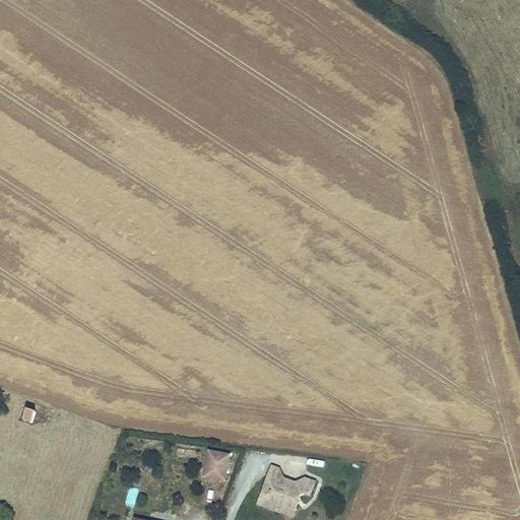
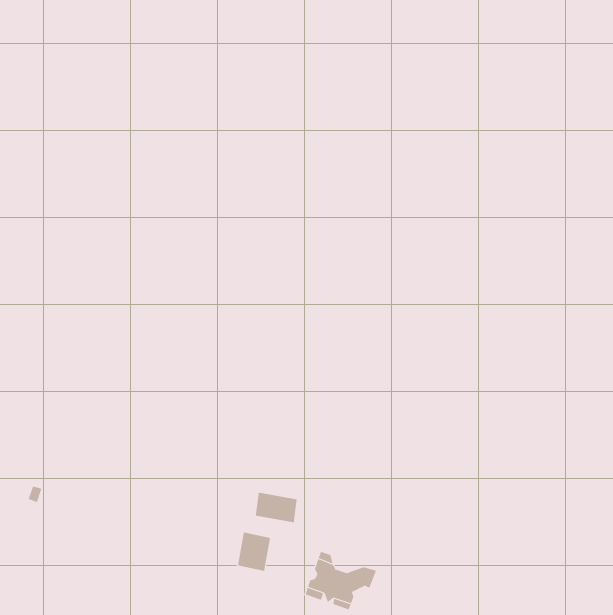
building: none -> [255,492,297,523]

